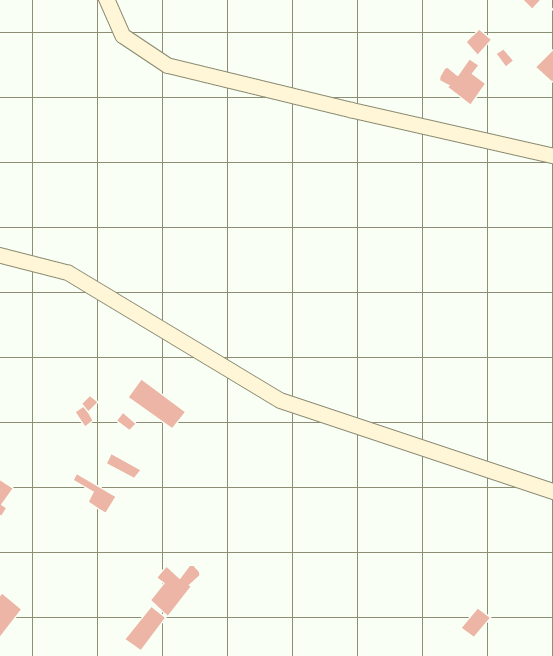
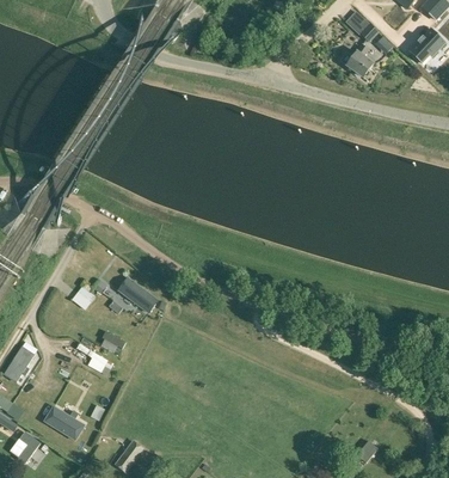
building: none -> [43,405,85,441]
building: [151,565,200,616] -> none

